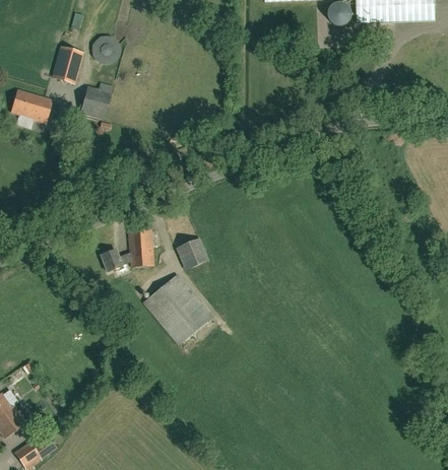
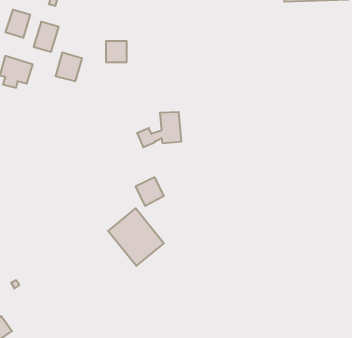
building: none -> [6,9,30,38]
building: [94,37,120,62] -> [106,41,127,62]
building: [101,229,154,272] -> [137,112,181,147]

